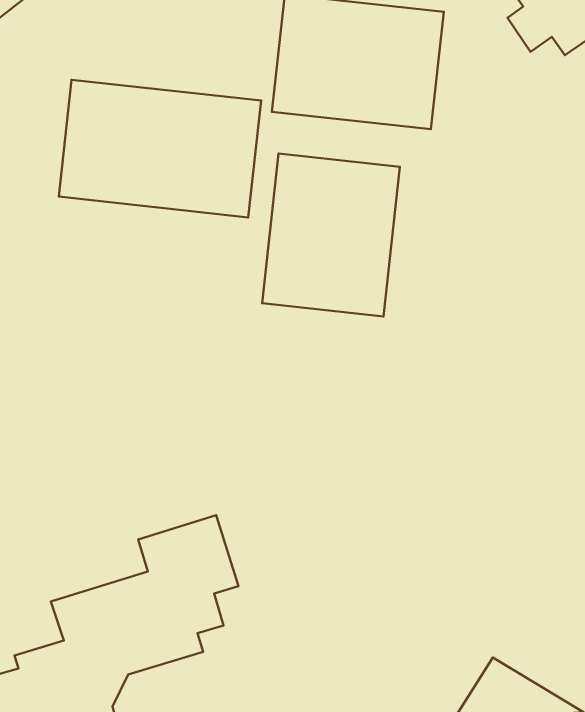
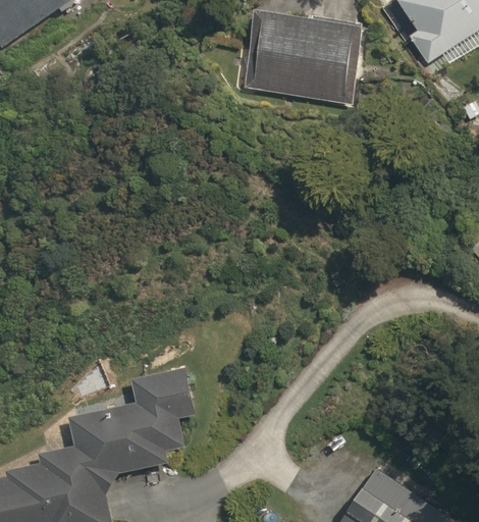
building: [59,80,261,217] -> none
building: [262,154,400,317] -> none

